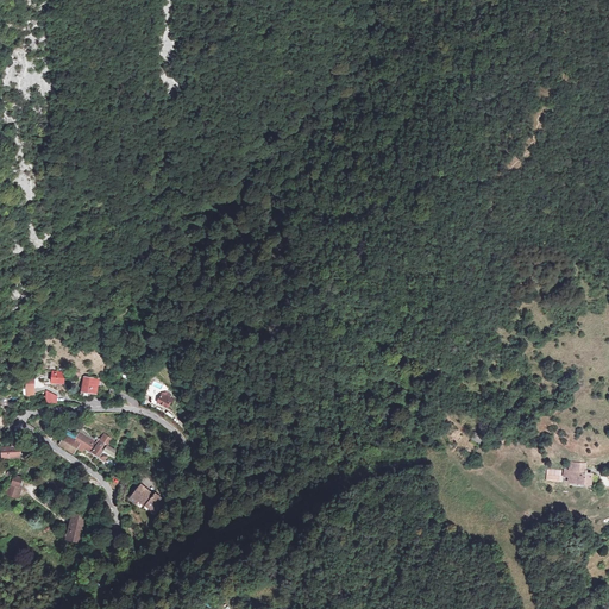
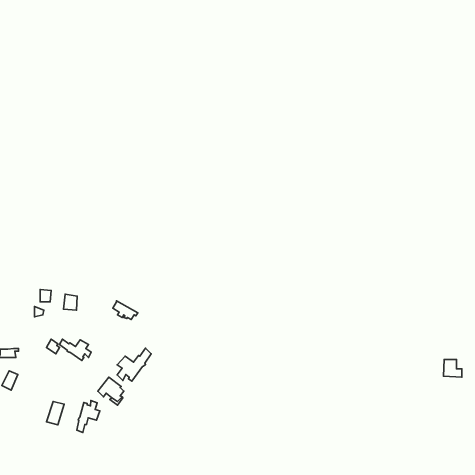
building: none -> [117,348,151,381]
building: none -> [77,400,100,433]

